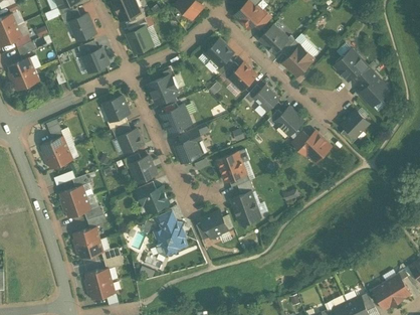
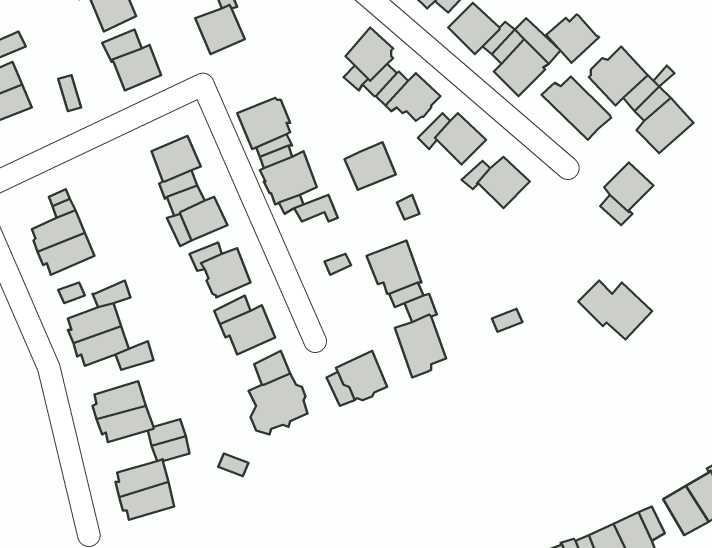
building: none -> [546,14,599,63]
building: none -> [542,76,611,140]
building: [291,131,331,162] -> [578,281,652,340]
building: [175,137,202,162] -> [344,142,396,190]

